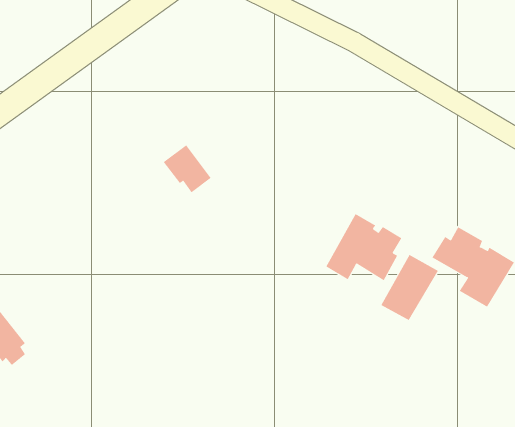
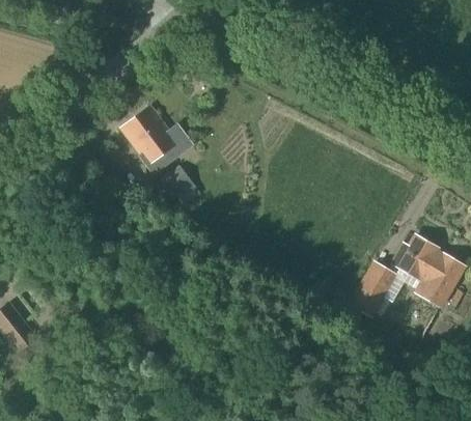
building: none -> [120,105,178,164]
building: [325,213,402,281] -> none

